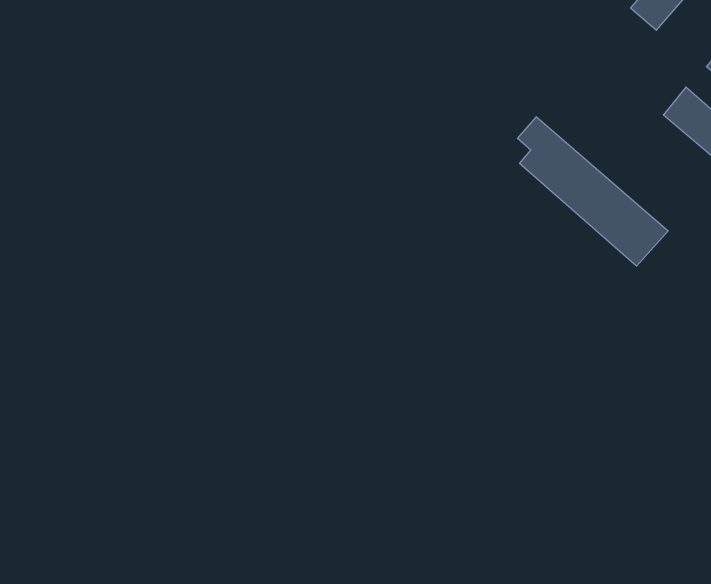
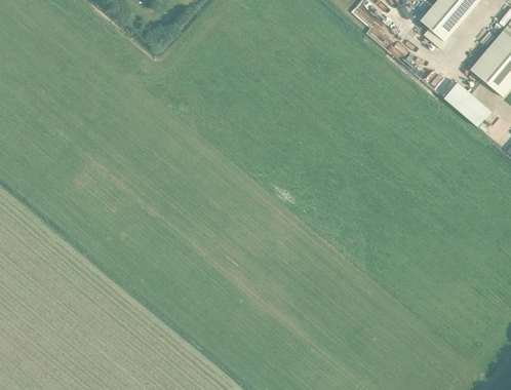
building: [518,117,668,266] -> none

